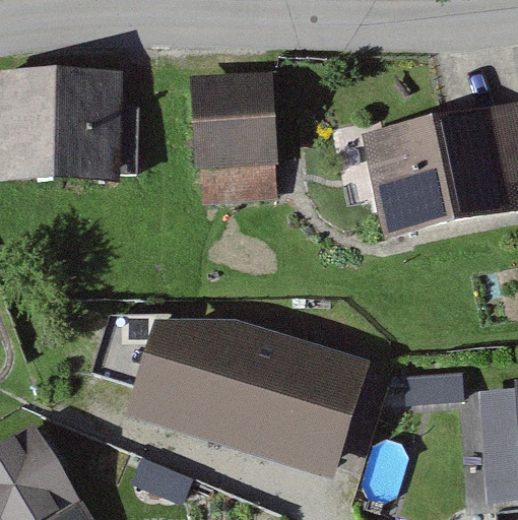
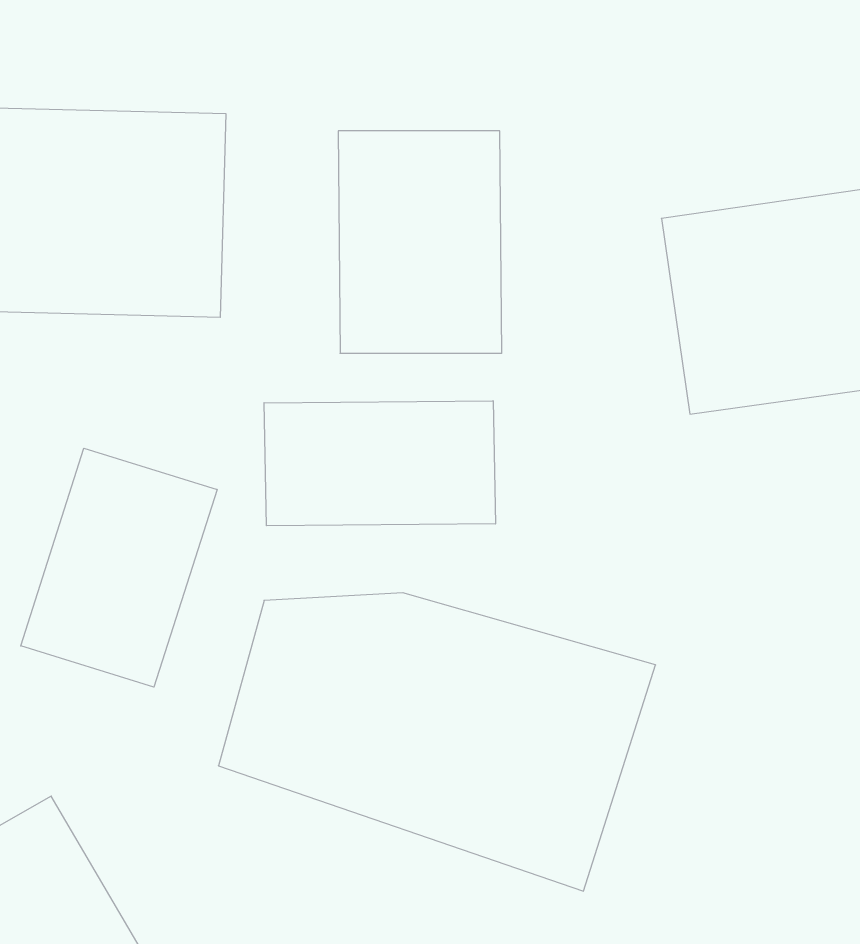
building: none -> [264,401,495,526]
building: none -> [21,448,217,687]

